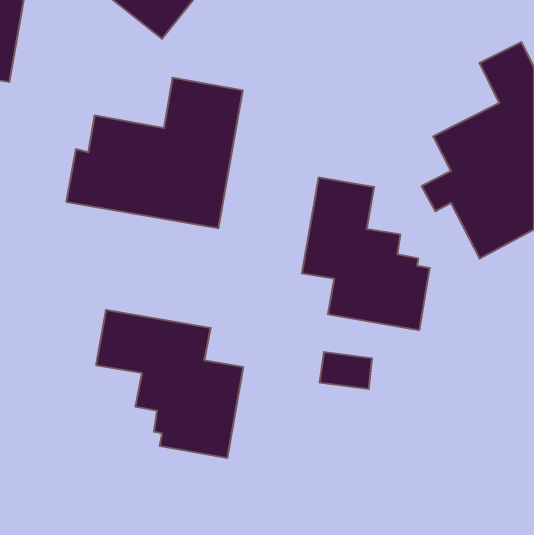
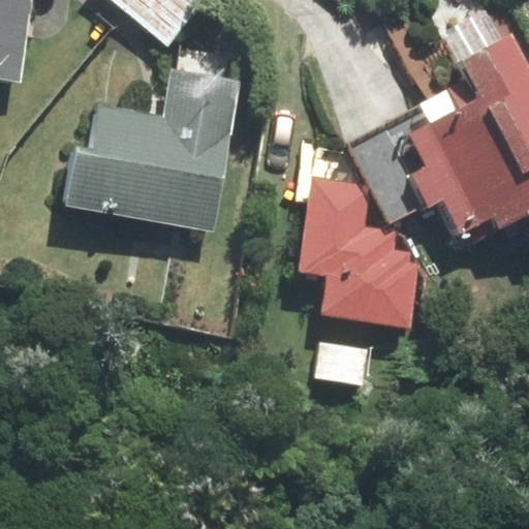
building: [96,310,243,458] -> none

